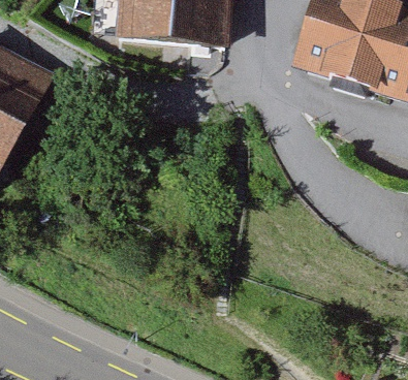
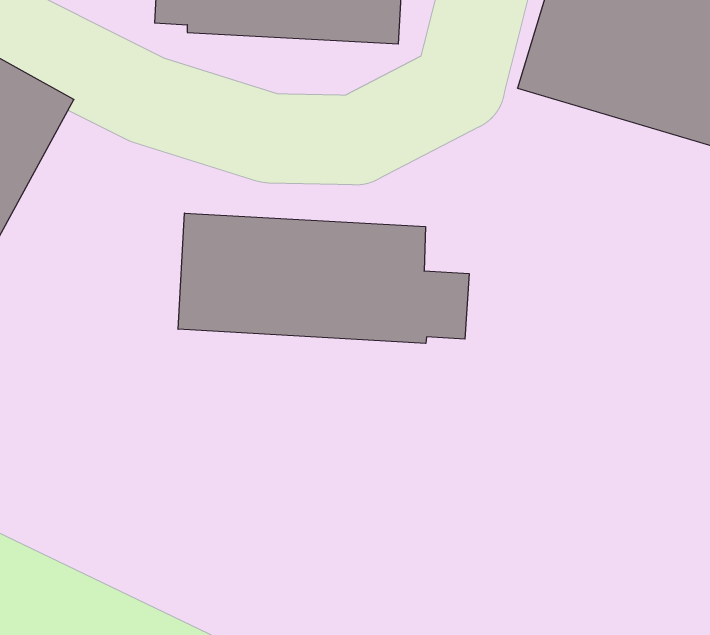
building: none -> [178,213,469,343]

